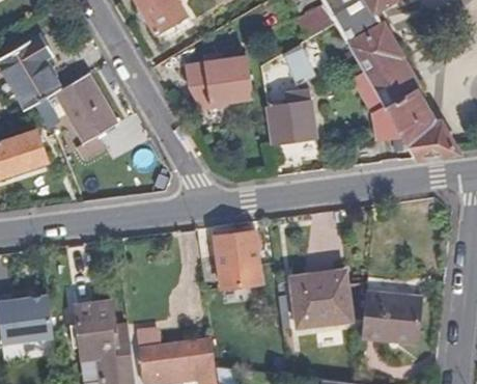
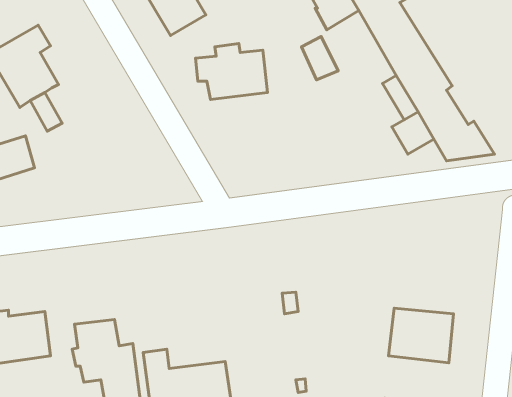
building: [54,72,118,158] -> none
building: [264,89,314,143] -> none
building: [214,231,261,287] -> none
building: [290,275,366,327] -> none

